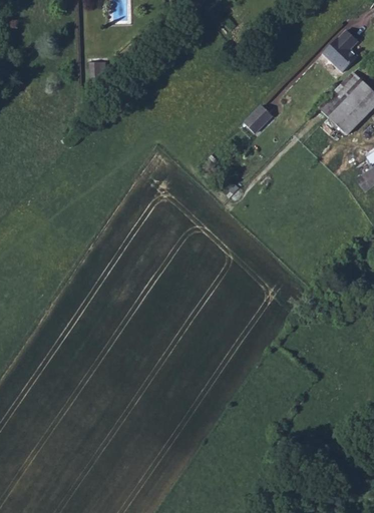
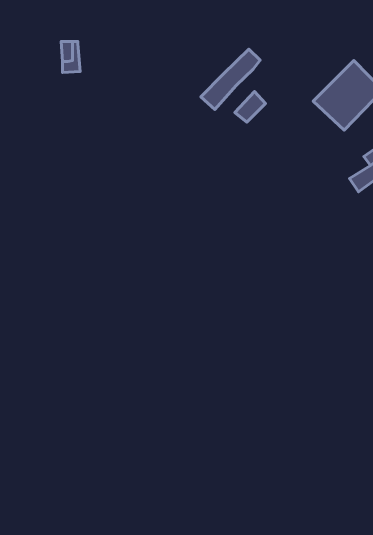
building: [323,30,359,71] -> none
building: none -> [201,49,260,110]

